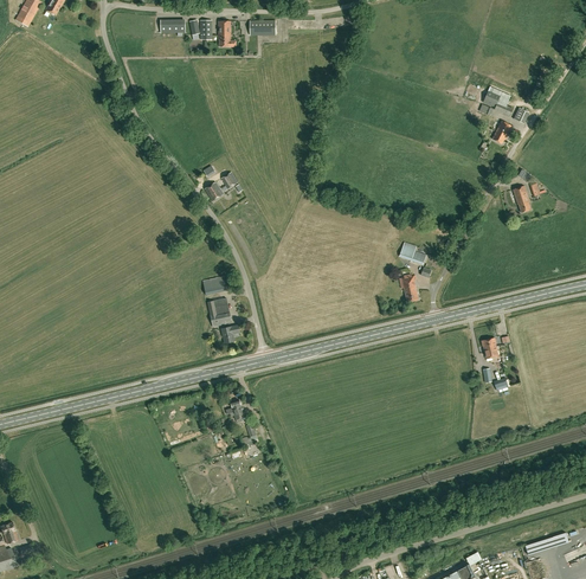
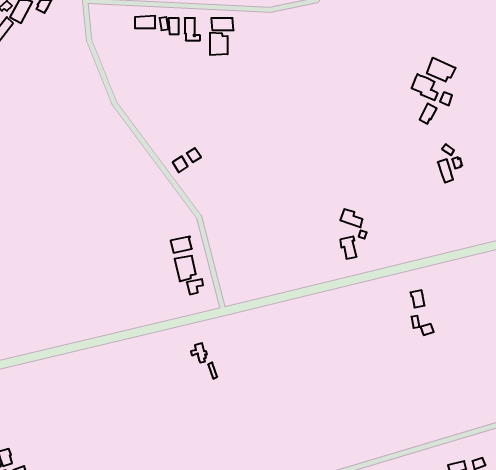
building: none -> [210,33,228,55]
building: none -> [427,58,456,82]

